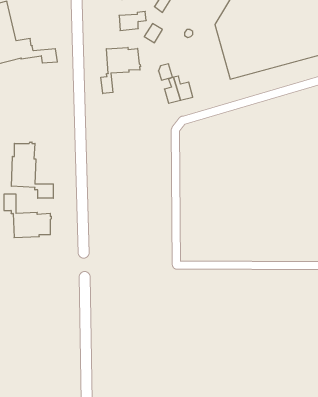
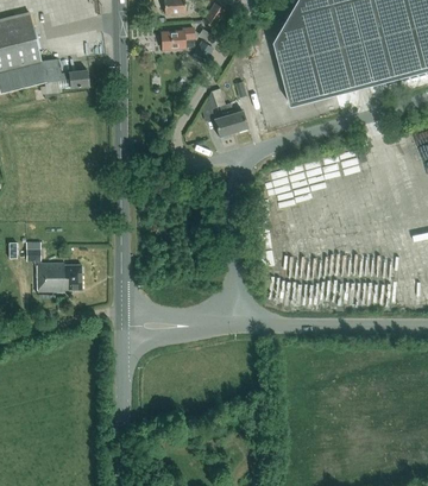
building: [101,47,140,94] -> none
building: [11,142,53,198] -> none

